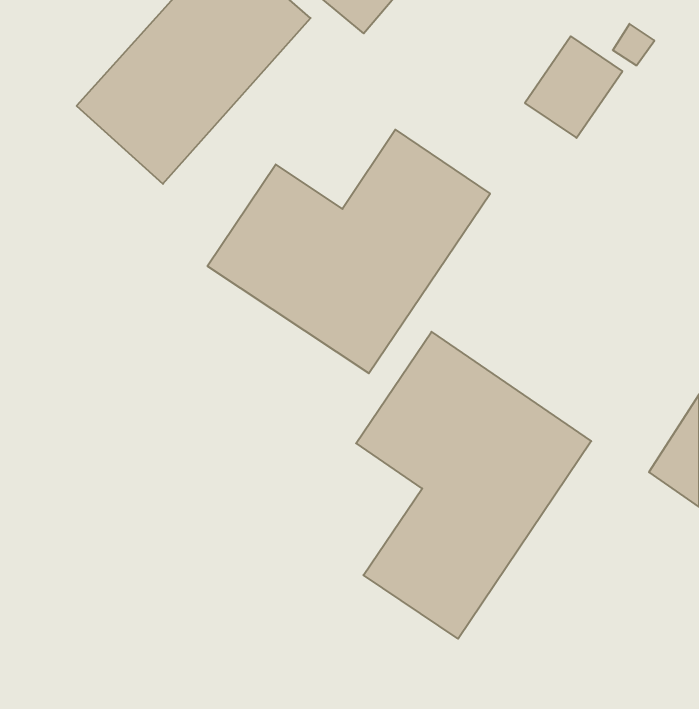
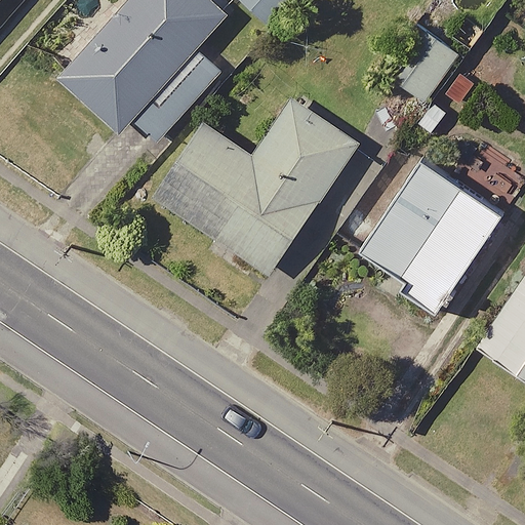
building: none -> [359,160,508,319]
building: [356,332,591,639] -> none

